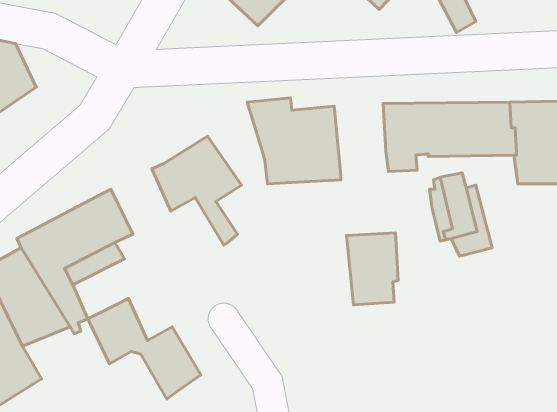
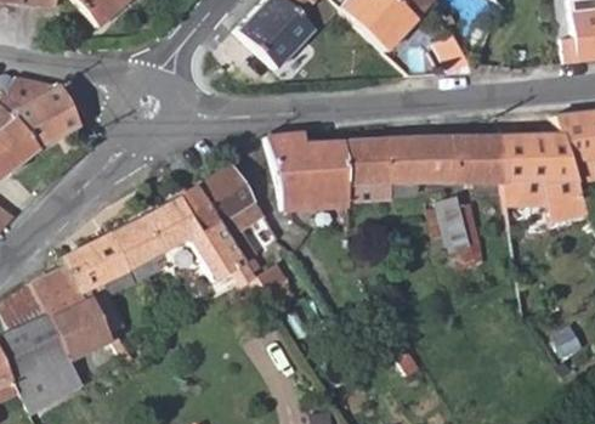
building: [347,233,398,305] -> [345,136,391,200]
building: [88,298,201,399] -> [146,194,246,284]

